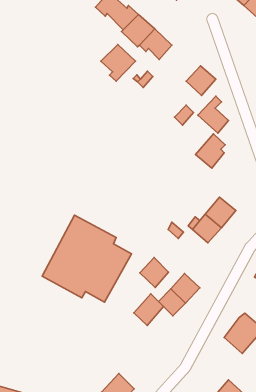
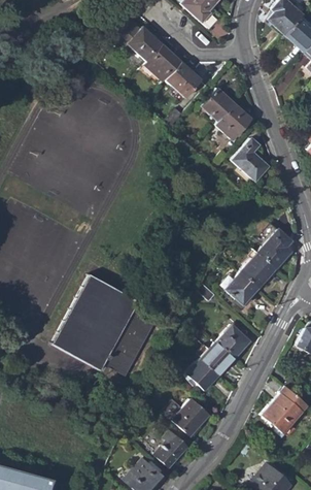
building: [101,45,135,81] -> none
building: none -> [203,88,236,121]
building: [196,134,225,168] -> [257,230,291,269]
building: [140,258,169,287] -> [217,324,250,358]
building: [134,294,163,325] -> [176,401,210,437]
building: none -> [156,431,188,468]

